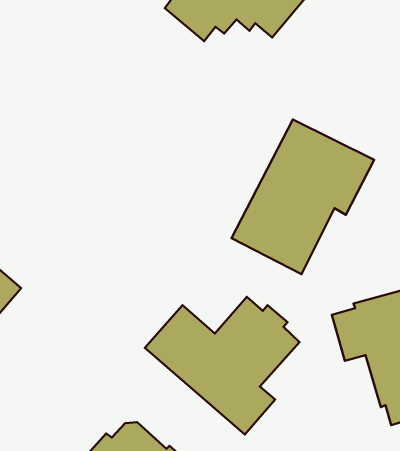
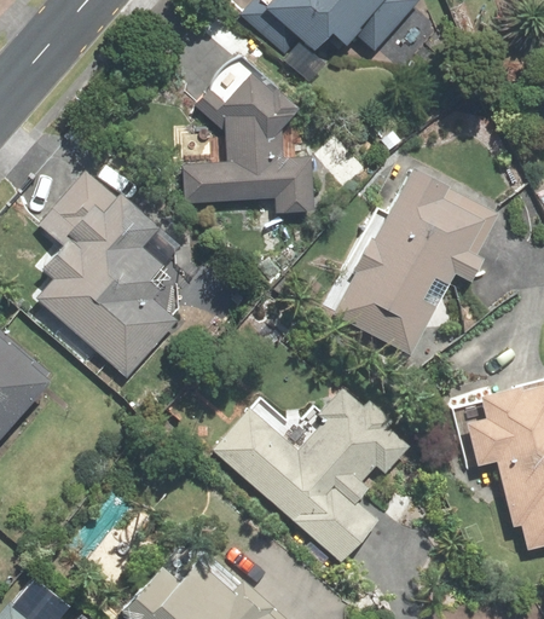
building: none -> [180,53,317,221]
building: none -> [36,166,181,380]

